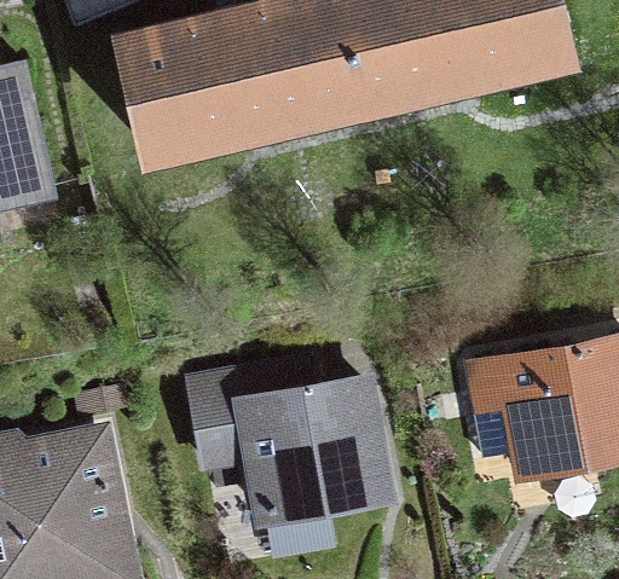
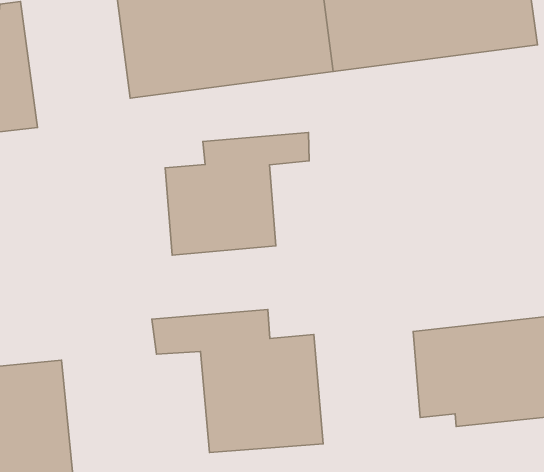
building: none -> [165,133,309,255]

